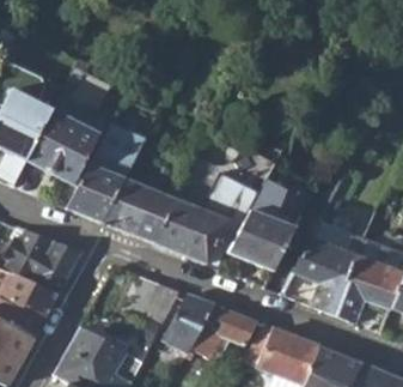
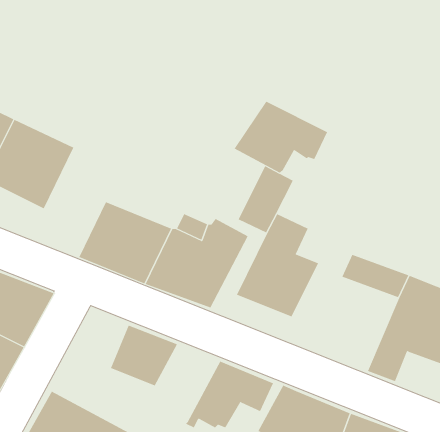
building: none -> [234,101,328,173]
building: [69,132,145,223] -> none
building: [295,238,358,314] -> none
building: [158,292,215,355] -> none

